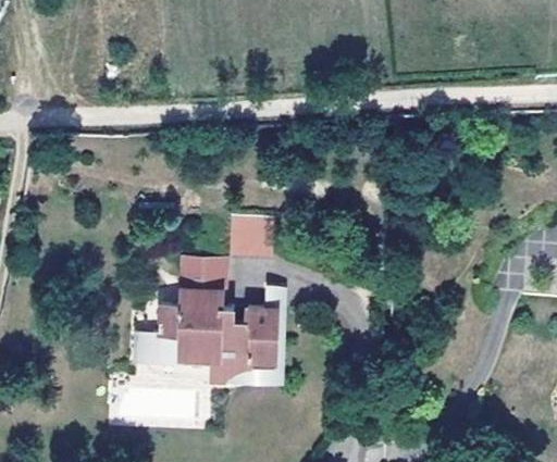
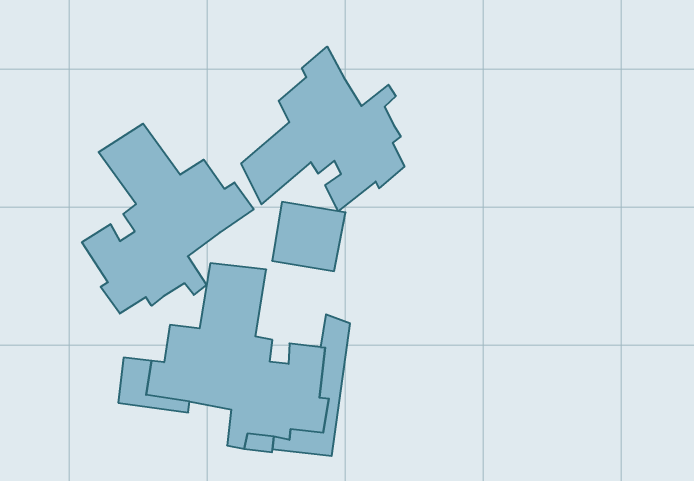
building: none -> [241,47,404,211]
building: none -> [82,124,254,314]

